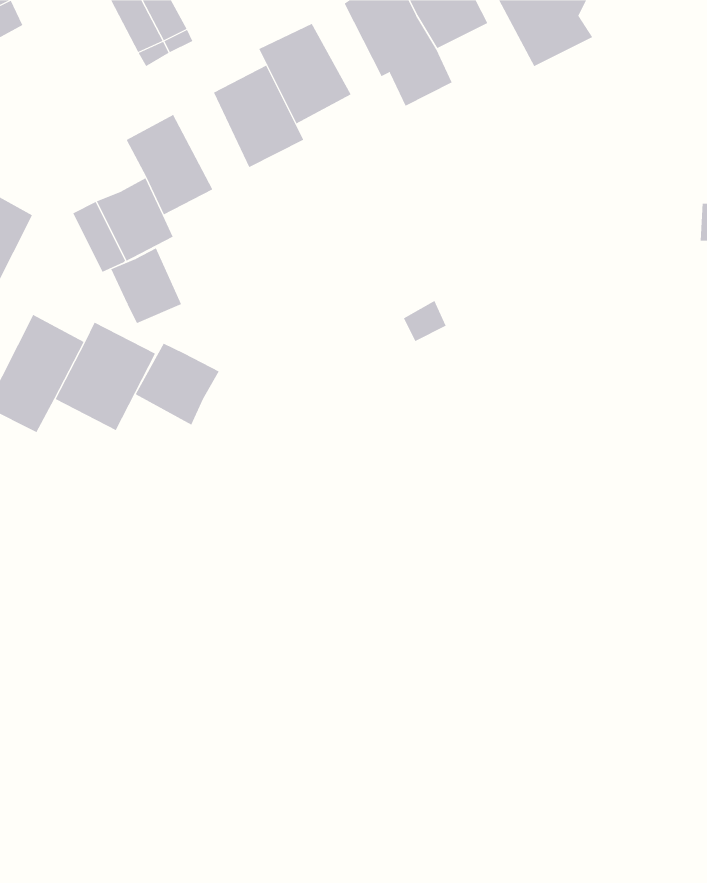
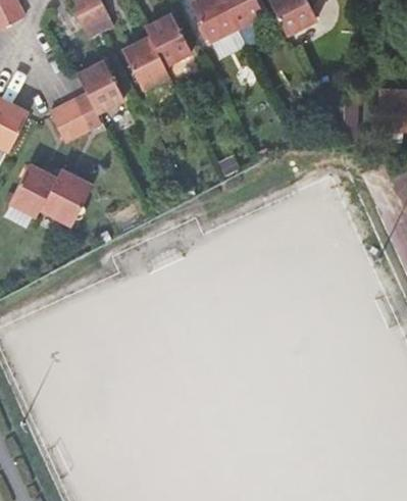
building: [110,247,184,324] -> none
building: [133,343,220,425] -> none

